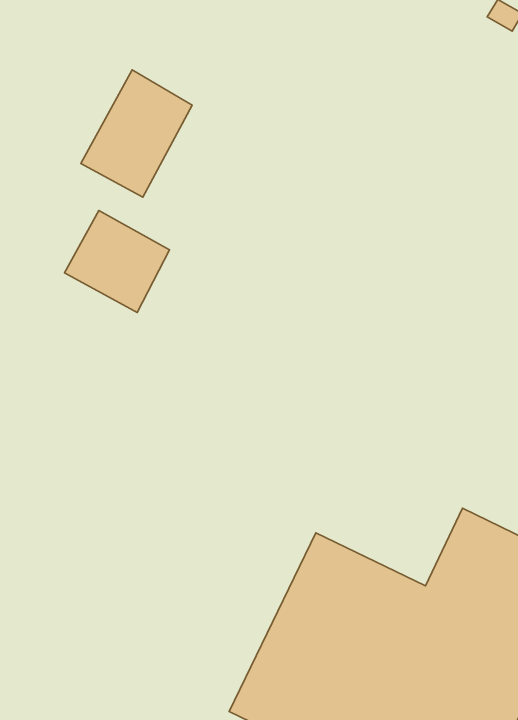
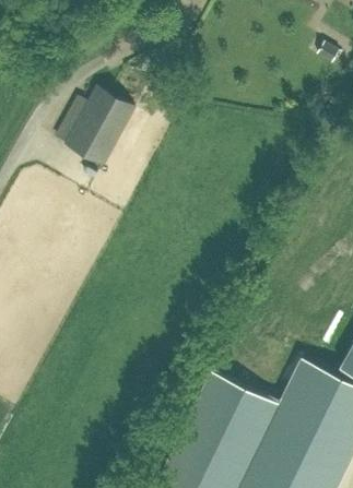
building: [64,210,169,313] -> none

